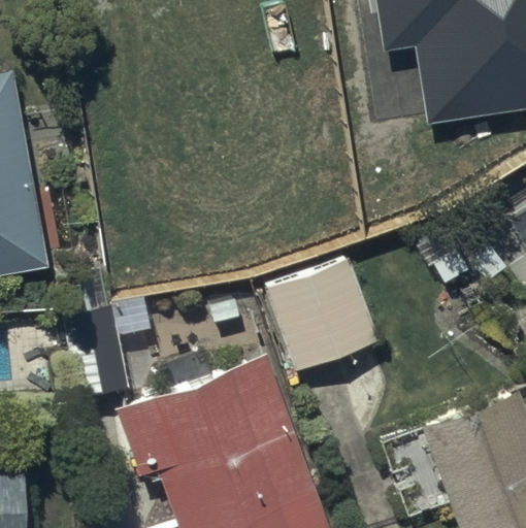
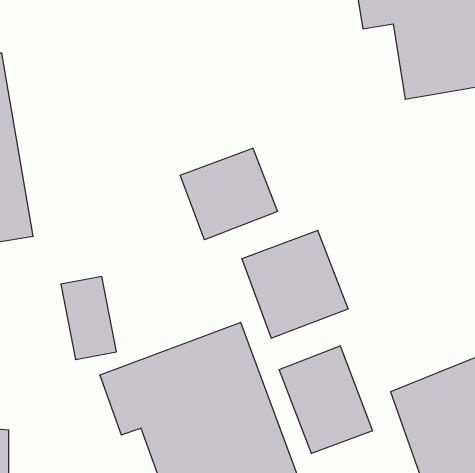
building: none -> [180,148,278,240]
building: none -> [279,346,372,453]

